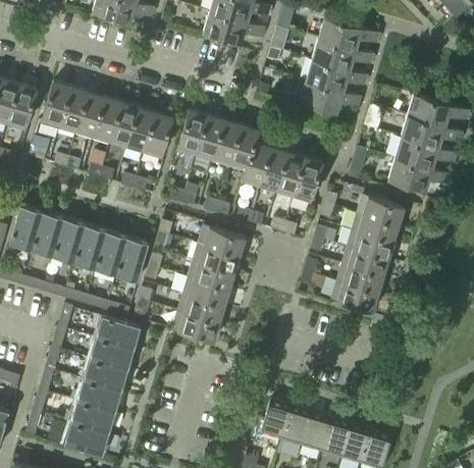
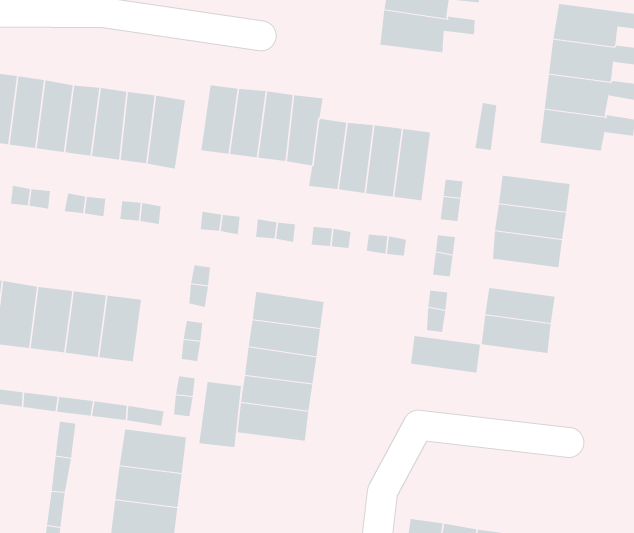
building: [198,226,245,257] -> none
building: [115,238,148,281] -> [198,381,242,448]
building: [343,247,388,276] -> [410,335,481,373]

